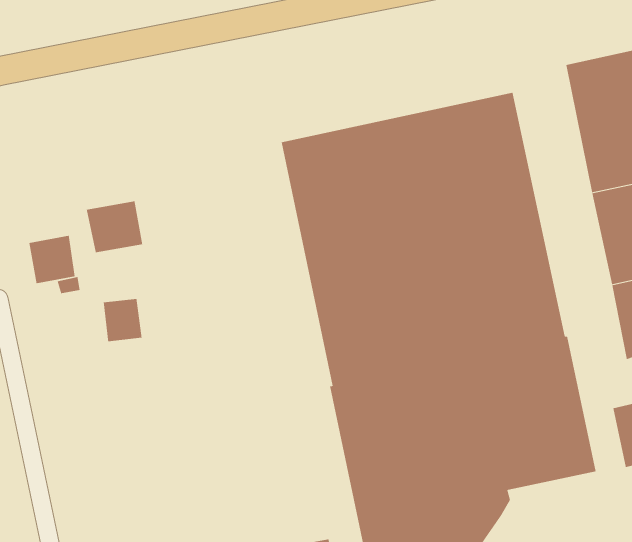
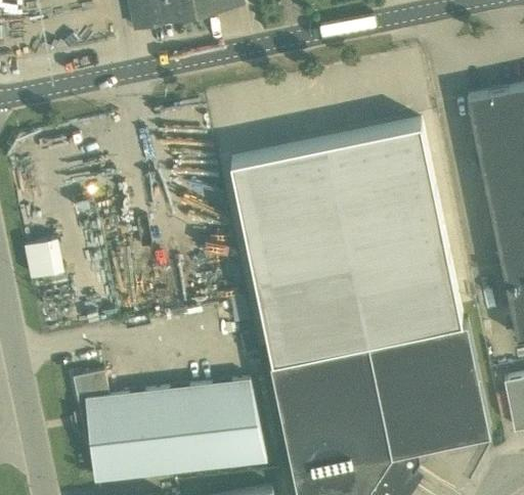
building: [86,200,143,253] -> none
building: [103,298,142,342] -> none
building: none -> [73,372,266,481]

